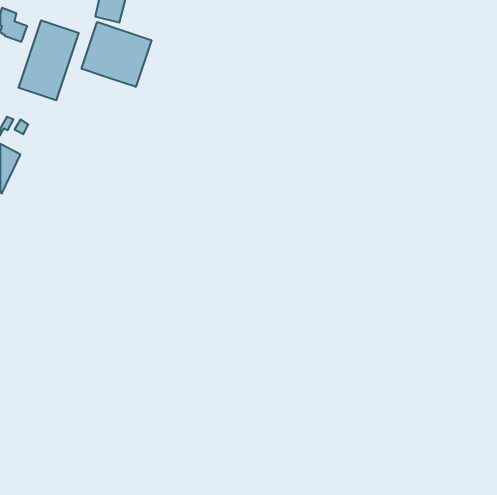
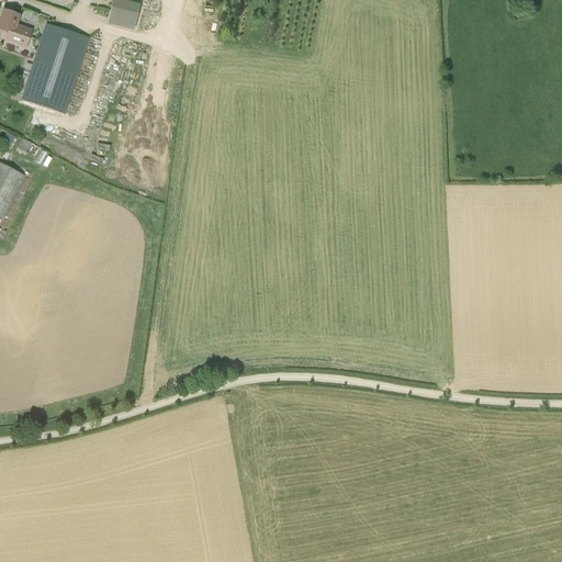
building: [82,22,151,87] -> none

